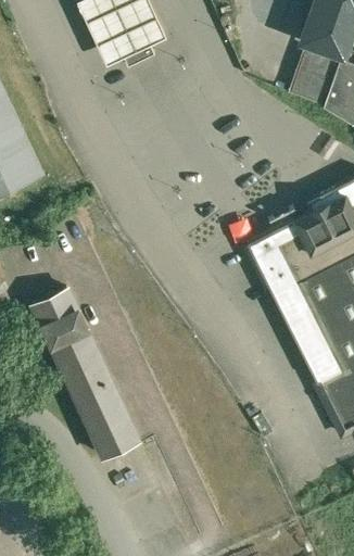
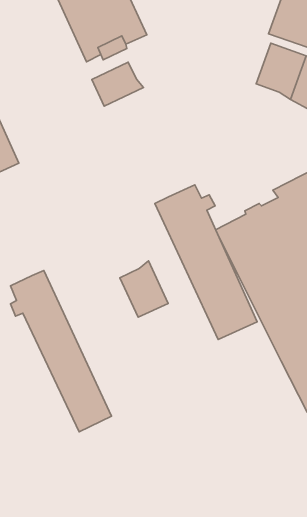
building: none -> [92,62,144,106]
building: none -> [155,185,257,339]
building: none -> [120,261,168,317]

